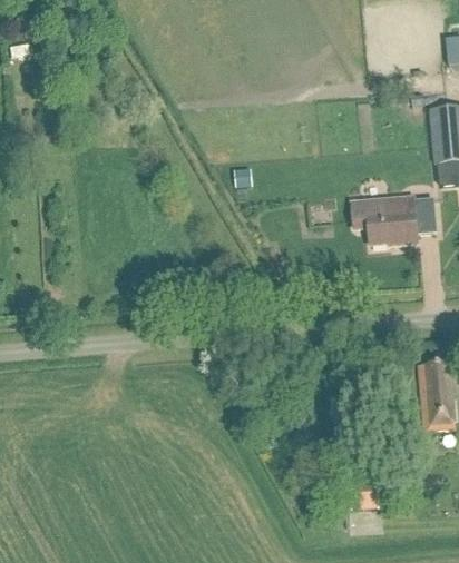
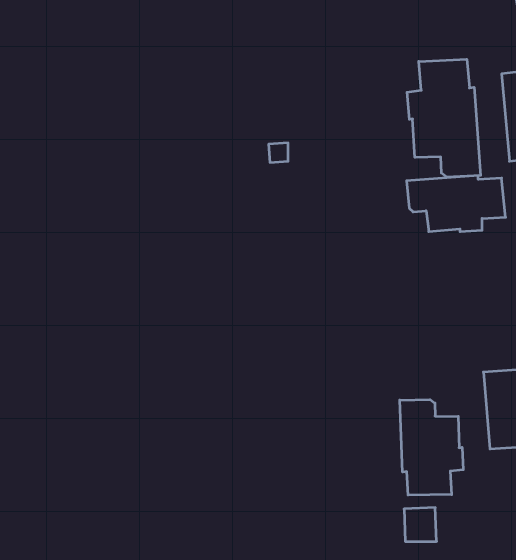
building: none -> [407,59,481,177]
building: none -> [400,400,463,495]

